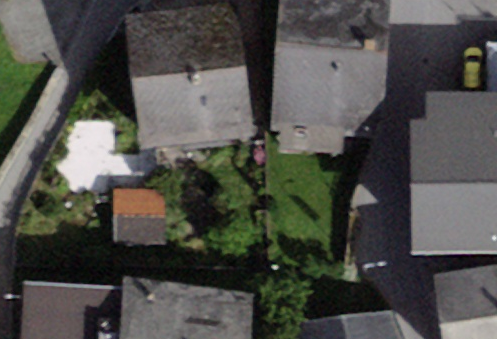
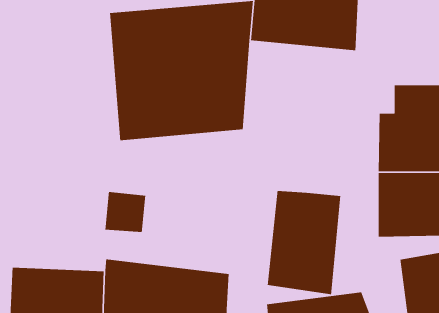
building: [269,46,388,151] -> none
building: none -> [267,190,341,295]

